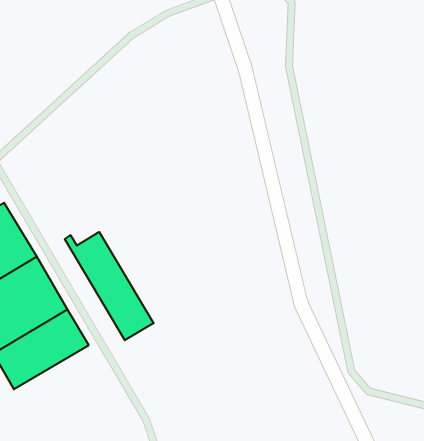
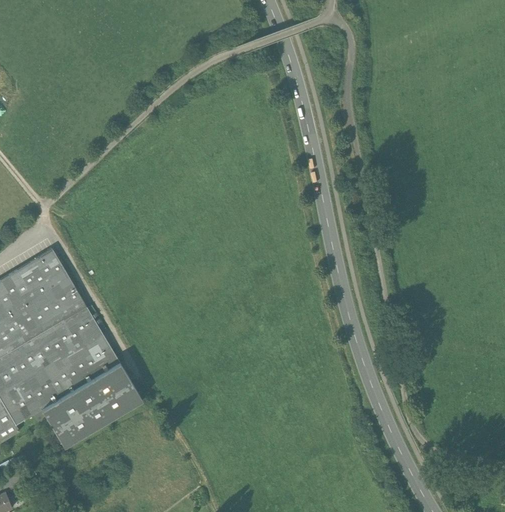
building: [65,232,154,340] -> none

